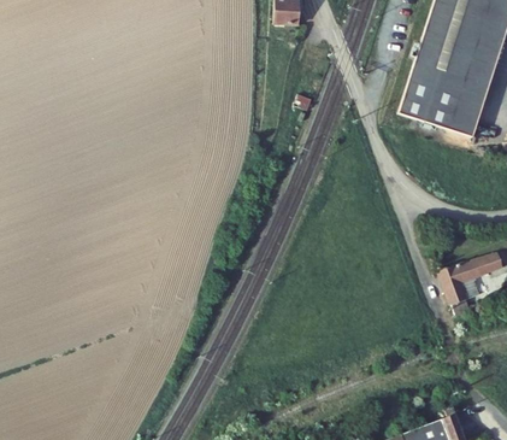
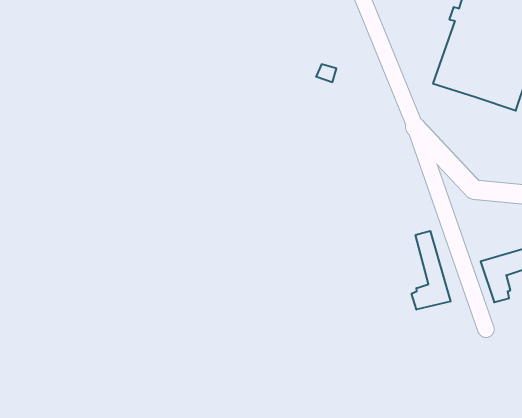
building: none -> [412,231,451,310]

